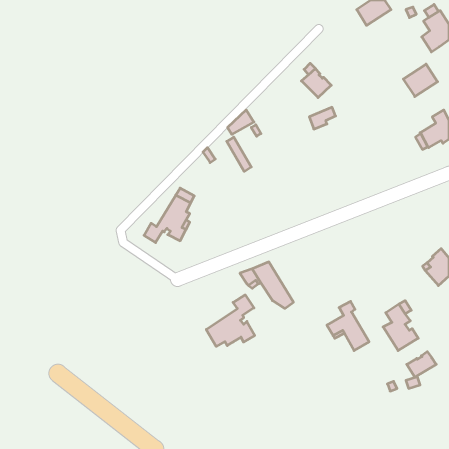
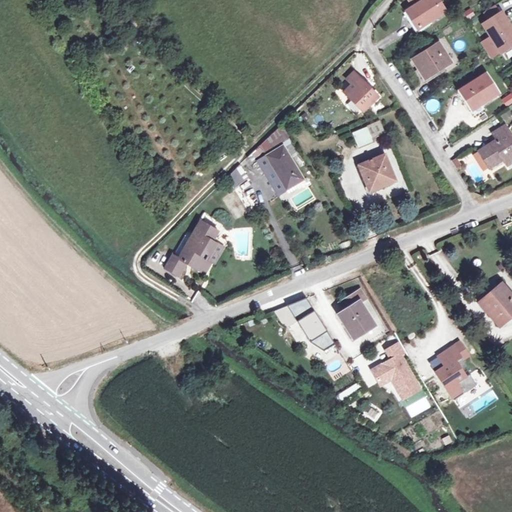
building: none -> [412,43,450,78]
building: none -> [266,146,303,190]
building: none -> [358,155,395,191]
building: none -> [338,290,374,338]
building: [206,295,255,346] -> none
building: [407,352,436,377] -> none

